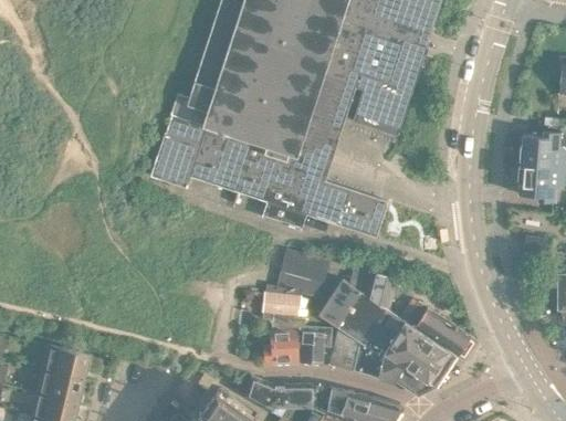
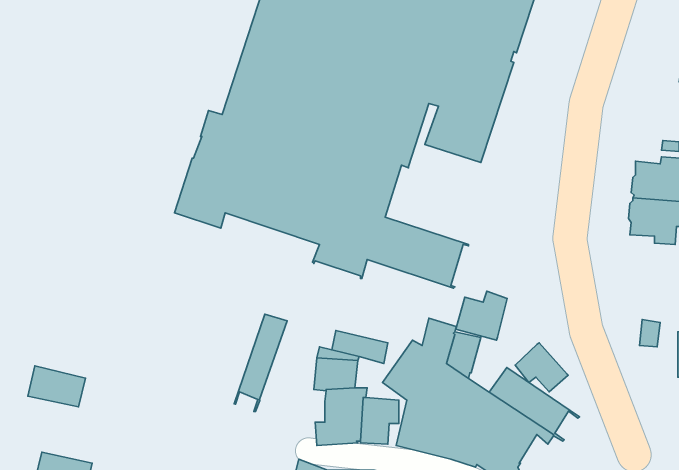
building: none -> [456,291,507,340]
building: [281,250,328,282] -> none
building: none -> [234,314,287,412]
building: none -> [515,343,568,392]
building: [43,346,90,379] -> [28,366,85,407]

